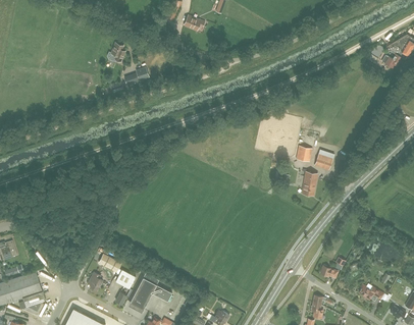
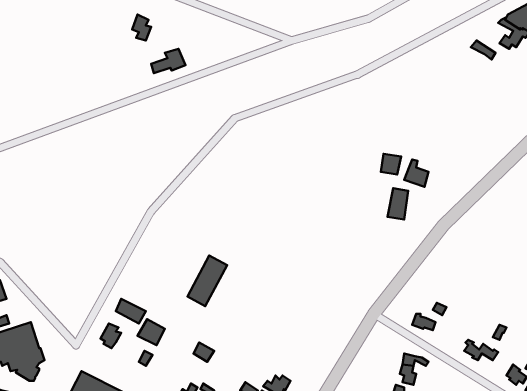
building: [128,273,158,311] -> [187,256,227,306]

